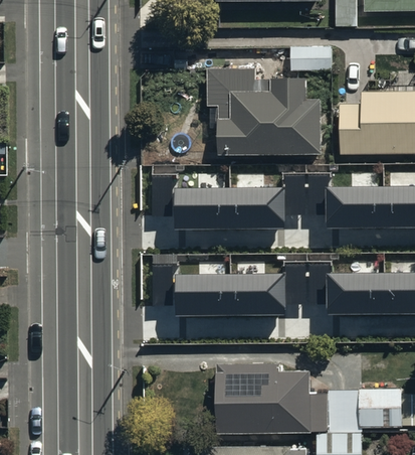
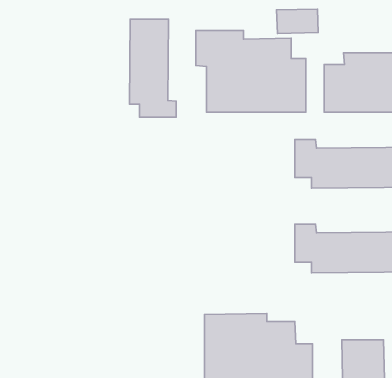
building: none -> [129,19,176,117]
building: [174,180,304,233] -> none
building: [175,267,305,320] -> none

